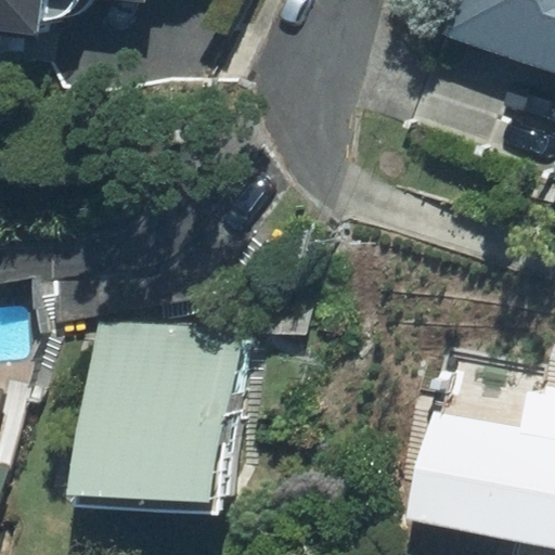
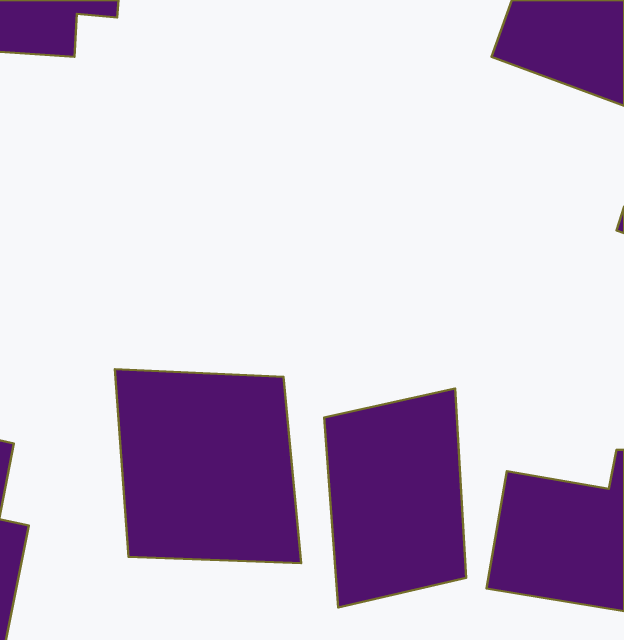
building: none -> [324,389,466,607]

